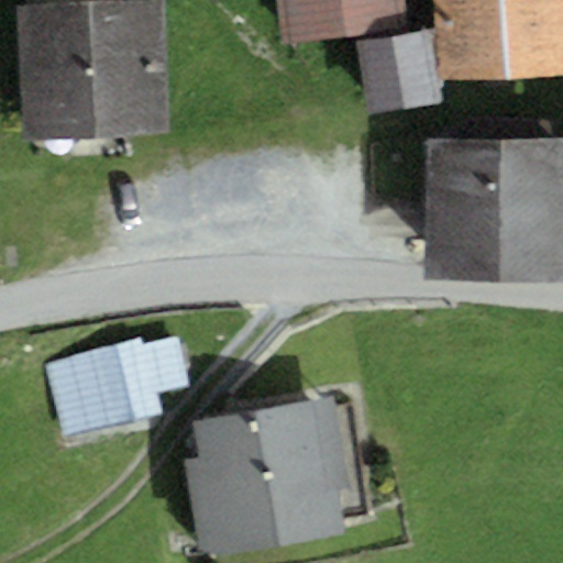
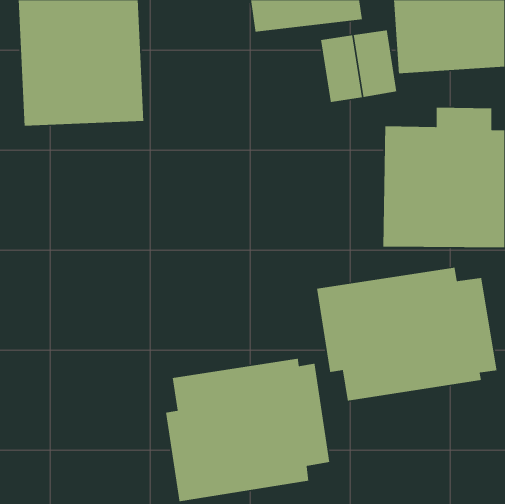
building: none -> [316,267,497,401]
building: [38,336,190,442] -> none

